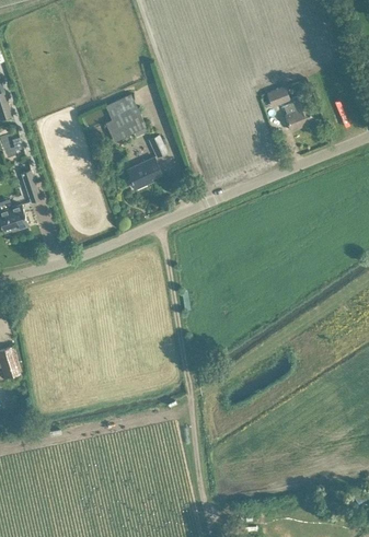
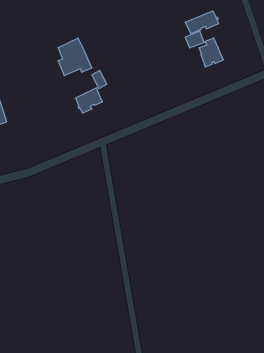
building: none -> [185,11,219,34]

